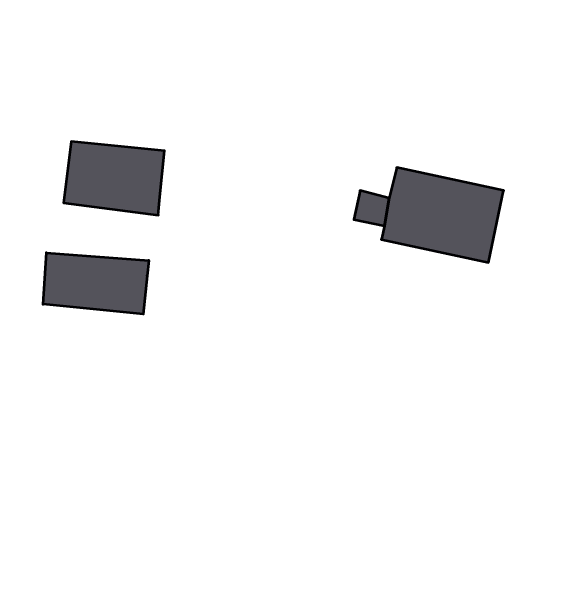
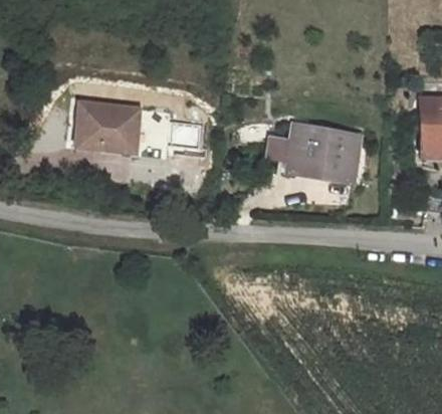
building: [43,253,149,314] -> none

